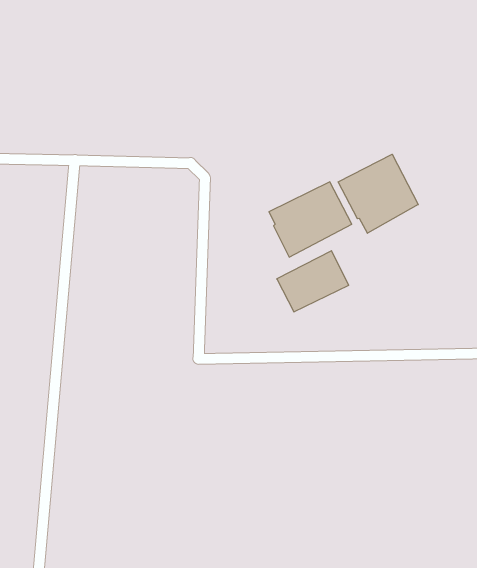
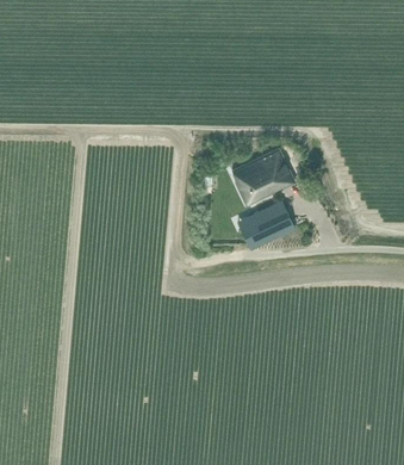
building: [338,154,418,233] -> none

